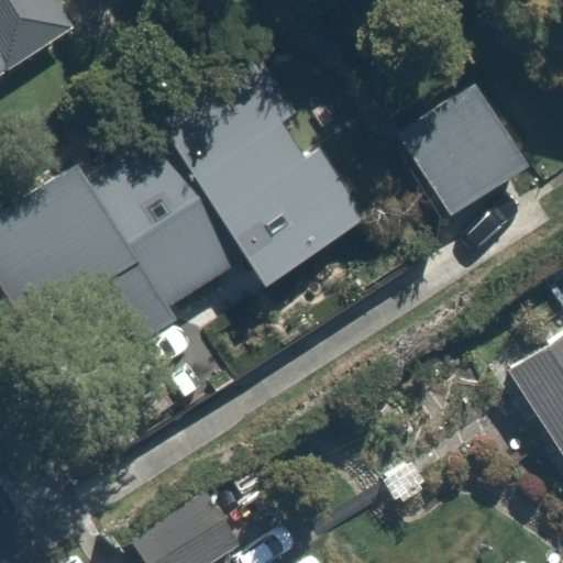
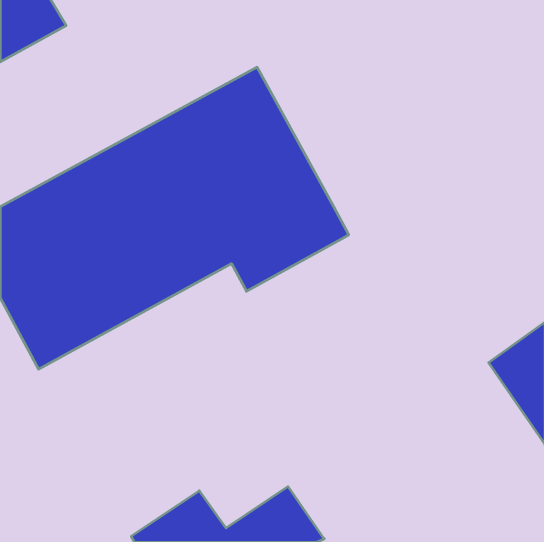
building: [394,70,539,216] -> none

